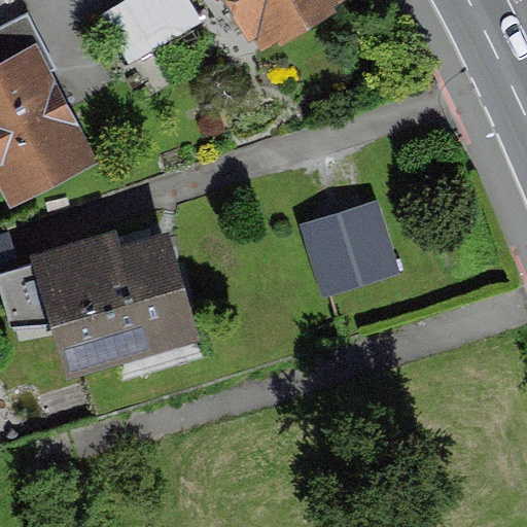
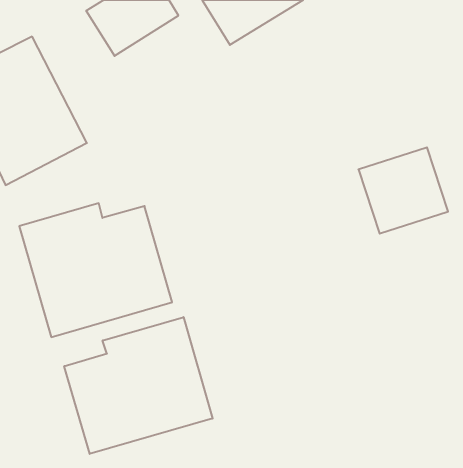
building: [303,200,403,296] -> [358,147,448,234]
building: none -> [64,317,213,454]

